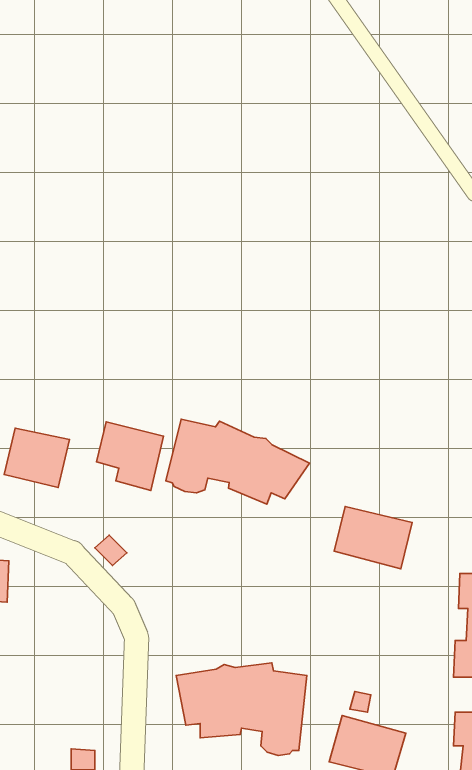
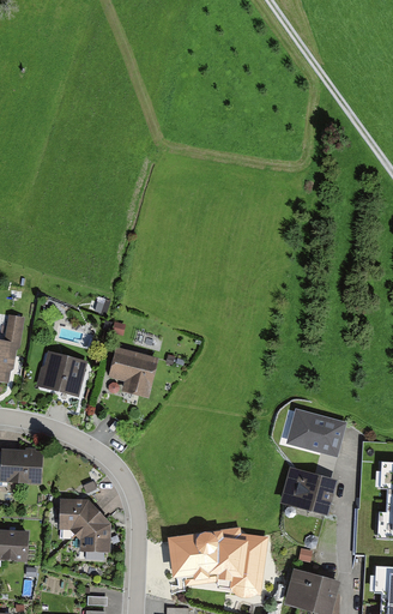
building: [166,419,309,504] -> none
building: none -> [279,468,338,514]
building: none -> [59,499,110,552]

